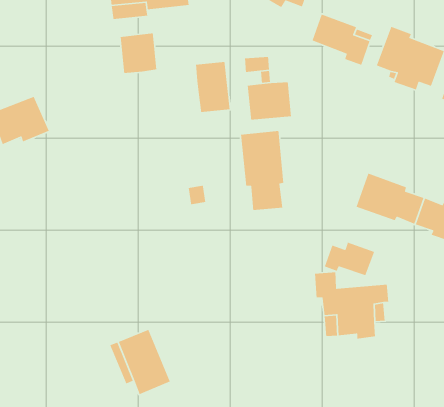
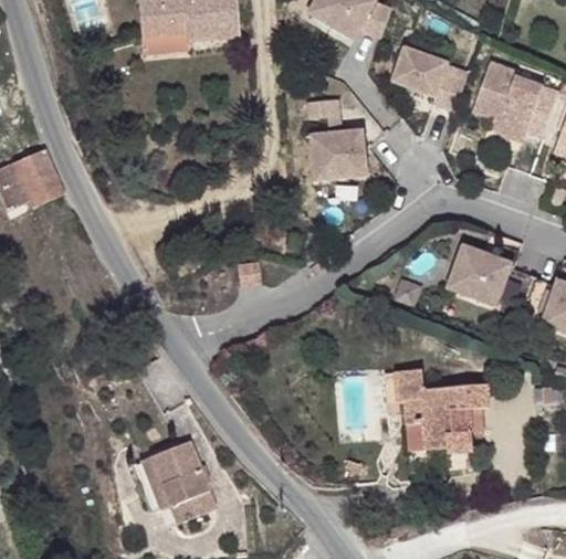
building: [120,33,157,74] -> none
building: [195,61,231,113] -> none
building: [240,130,284,211] -> none
building: [324,241,375,276] -> none

